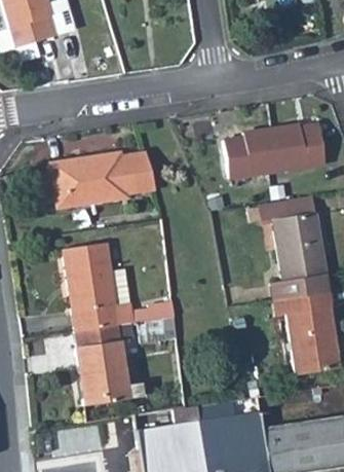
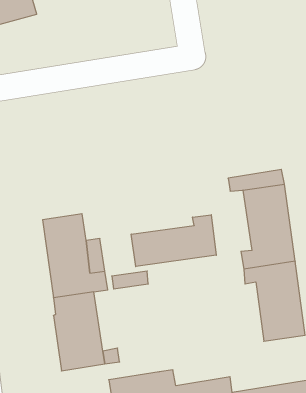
building: [226,125,327,179] -> none
building: [38,152,156,209] -> none
building: none -> [131,215,216,267]

